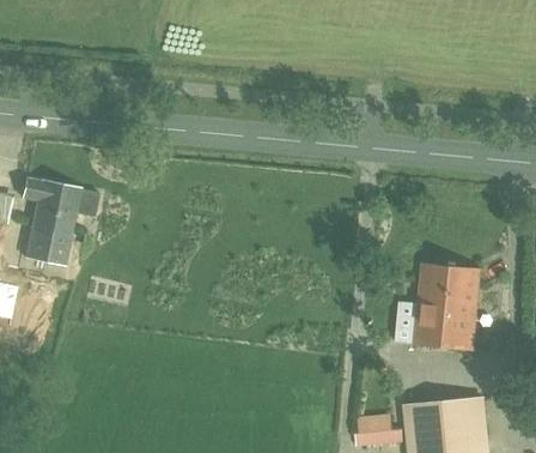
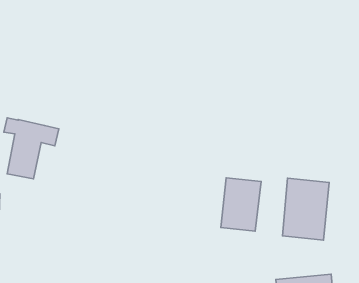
building: none -> [221,178,261,231]

